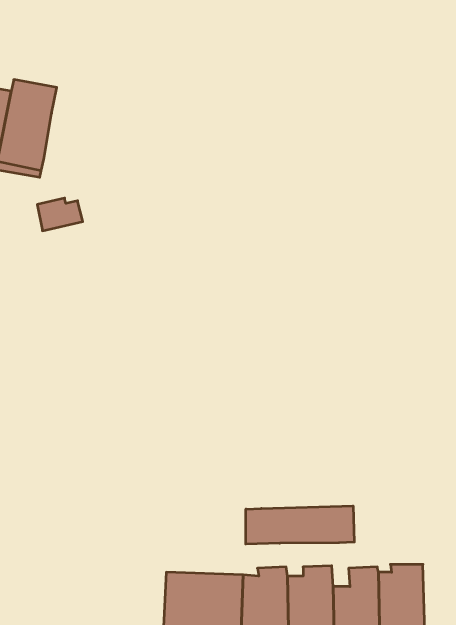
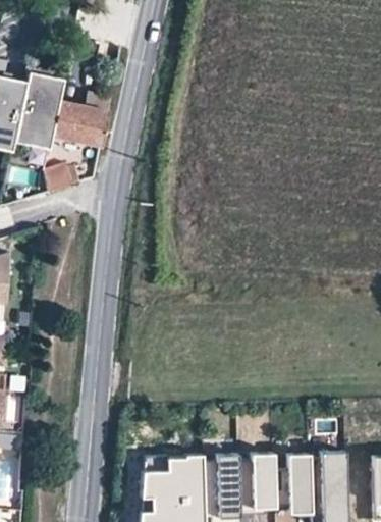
building: none -> [49,93,108,146]
building: [246,506,354,544] -> none

